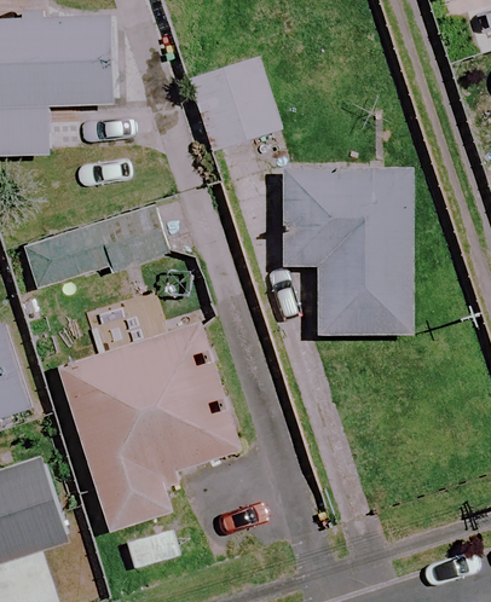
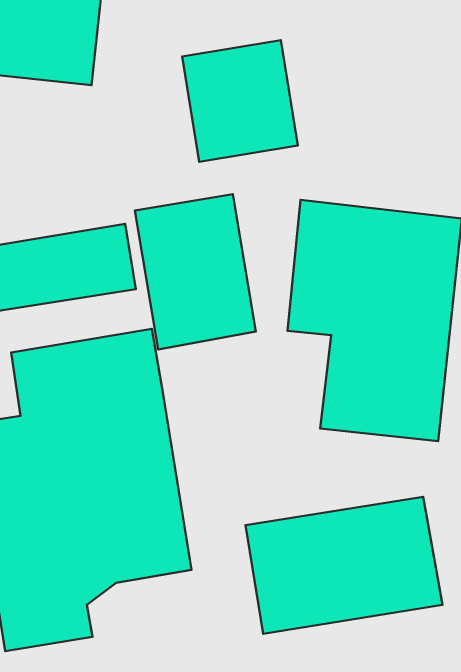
building: none -> [135,194,256,349]
building: none -> [245,497,443,634]

